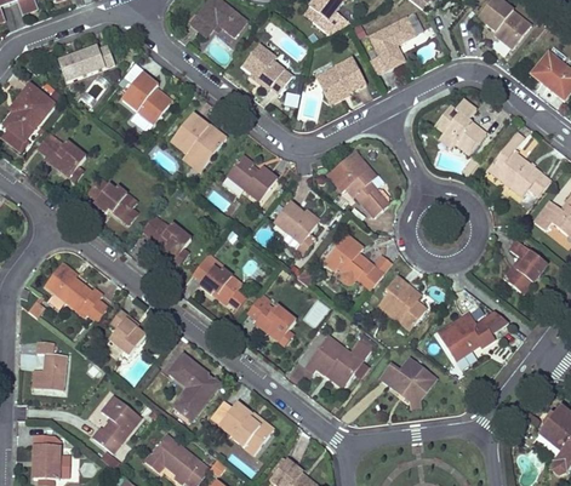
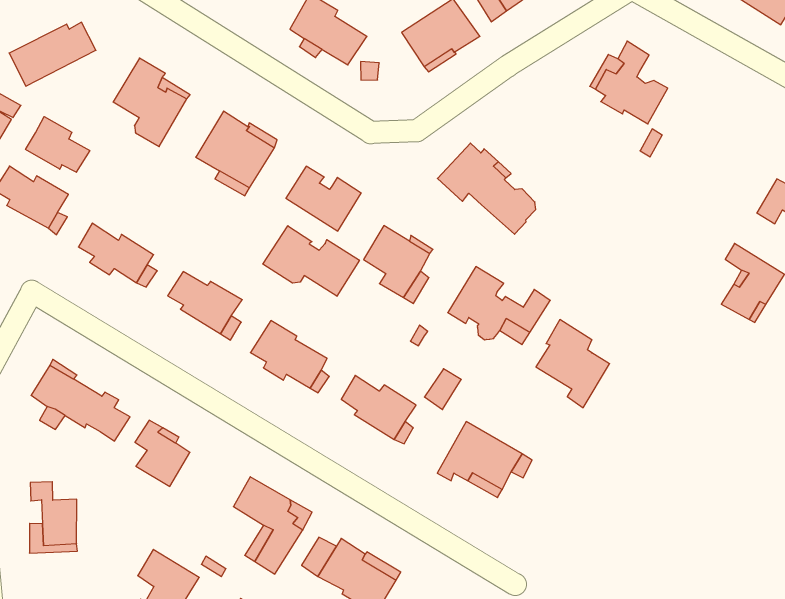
building: none -> [26,117,90,172]
building: [487,131,549,195] -> none
building: none -> [263,226,359,296]
building: [440,310,508,366] -> none
building: [379,358,435,400] -> none

